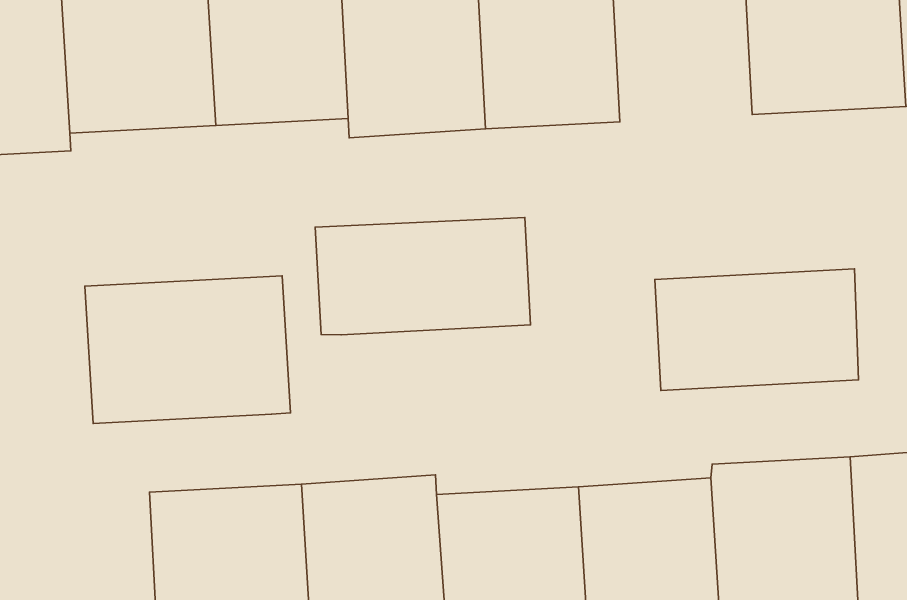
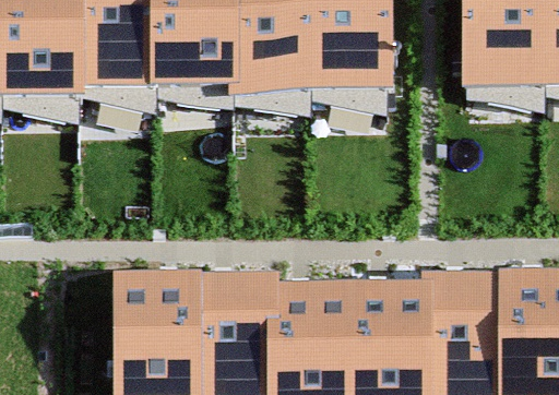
building: [315,217,531,335] -> none
building: [655,269,858,390] -> none
building: [85,276,290,423] -> none

